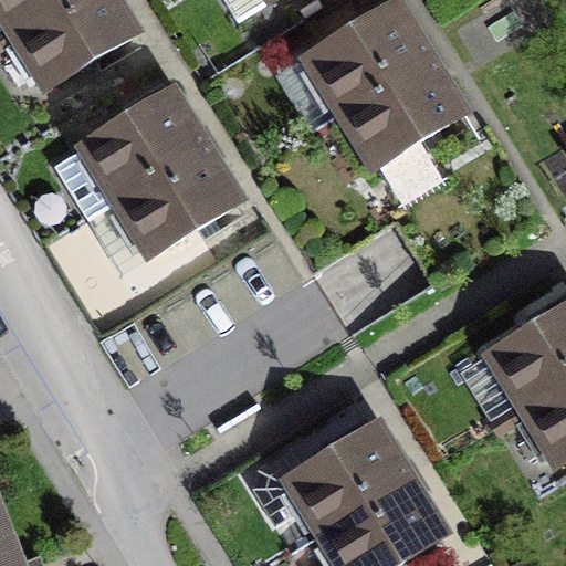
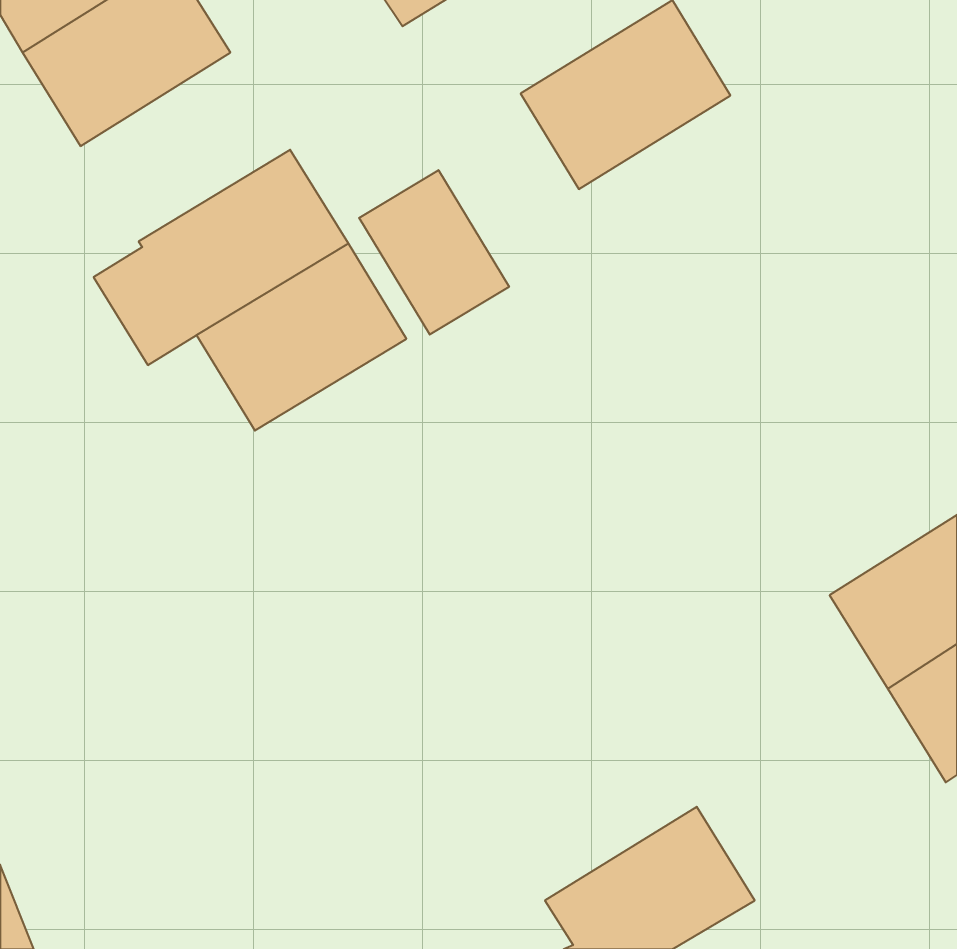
building: [342,56,465,166] -> none
building: none -> [359,170,509,335]
building: [254,421,411,532] -> none

